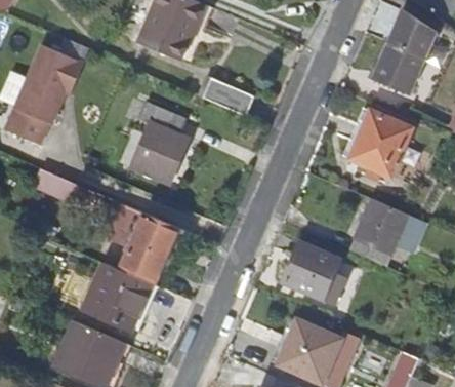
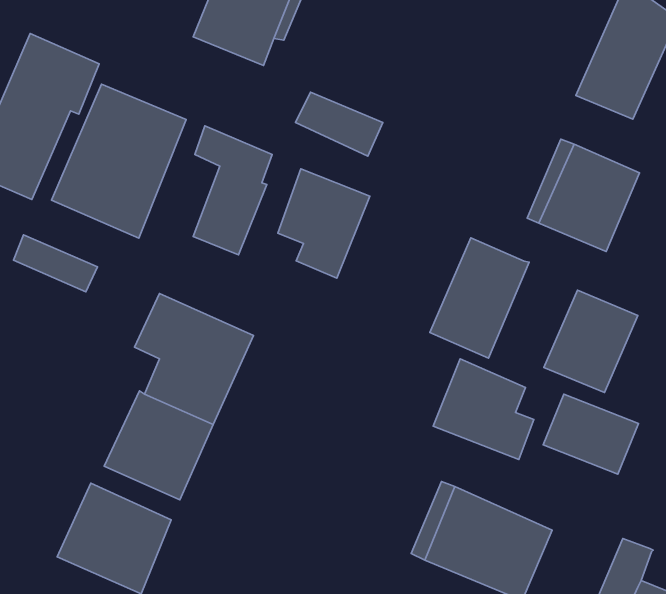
building: none -> [51,84,186,238]
building: none -> [278,169,370,278]
building: none -> [430,238,529,358]
building: none -> [543,394,639,474]

